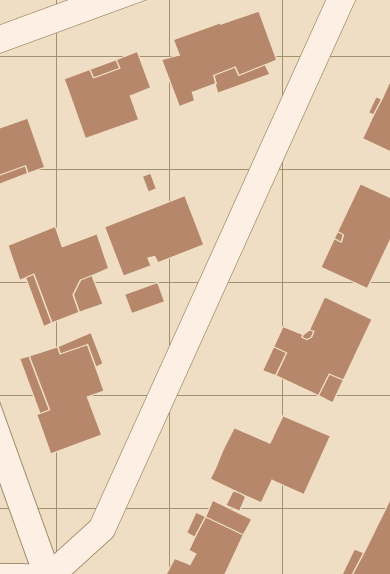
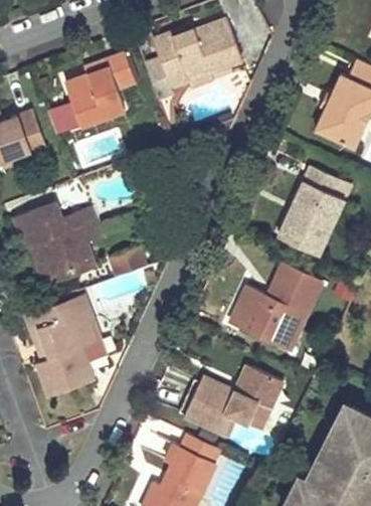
building: [105,195,204,276] -> none

